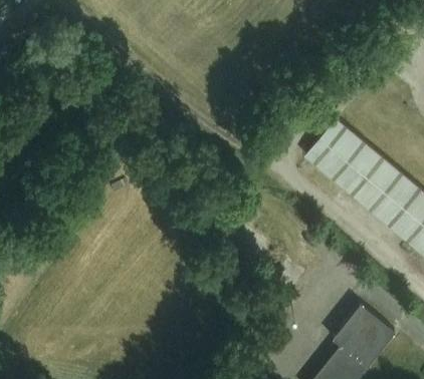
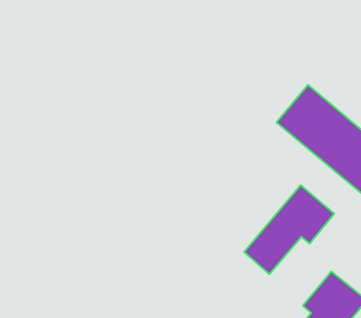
building: none -> [244,185,334,274]

